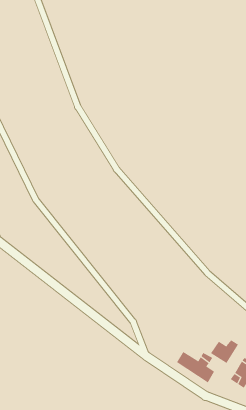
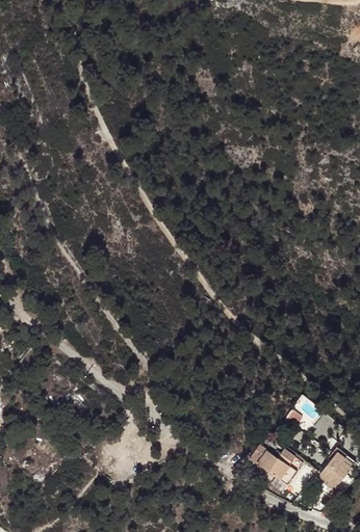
building: [210,339,239,364] -> none

